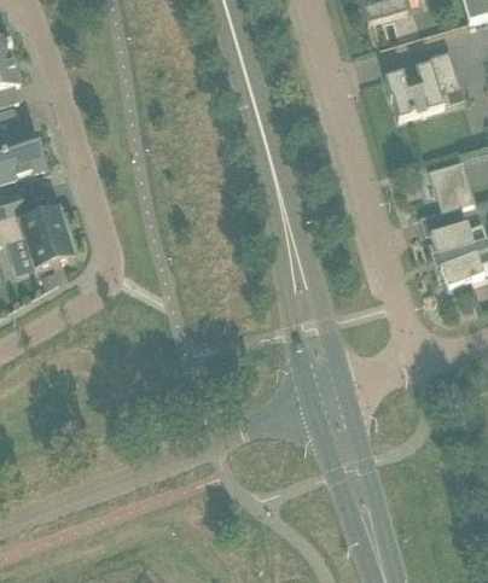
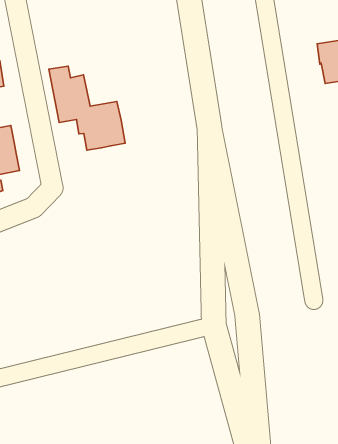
building: none -> [49,66,125,150]

